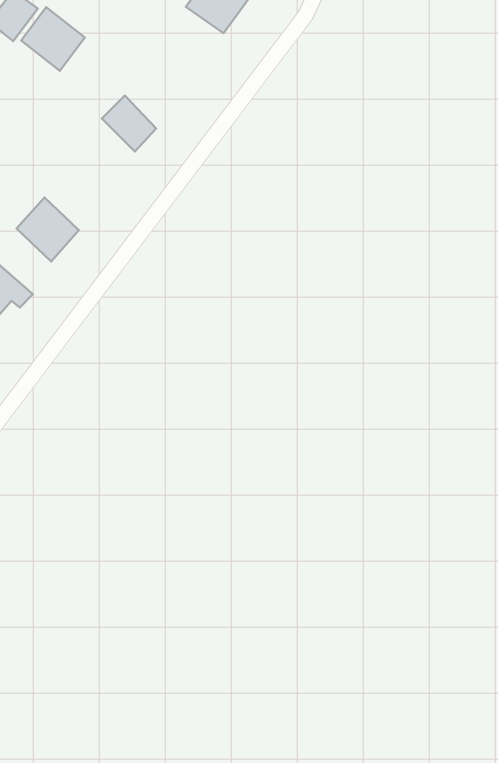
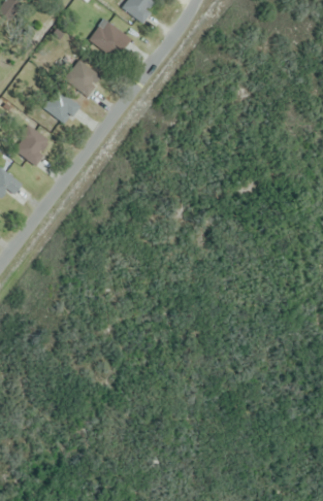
building: [21,7,85,71] -> none
building: none -> [90,19,131,55]
building: none -> [43,89,80,125]

